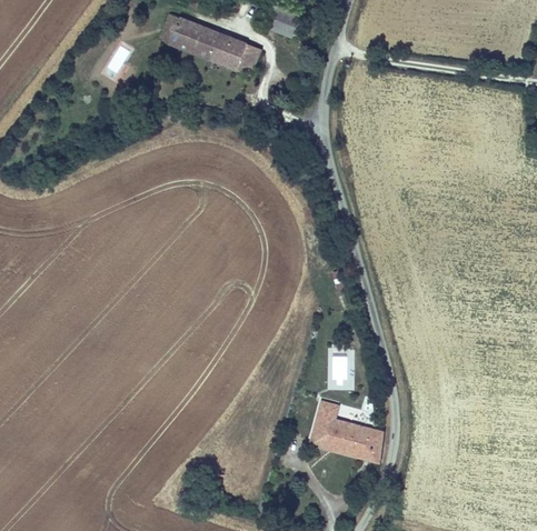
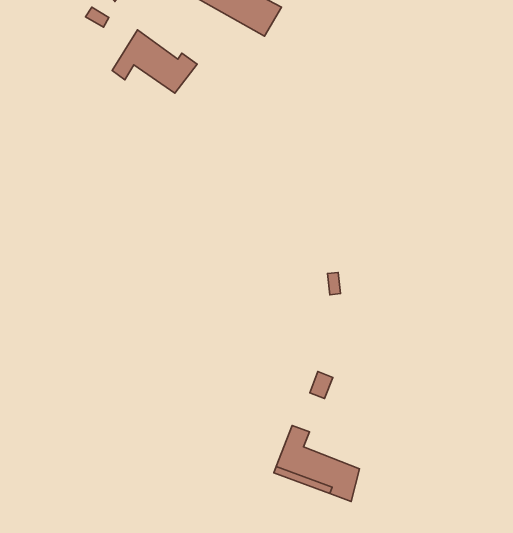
building: none -> [112,30,197,93]

